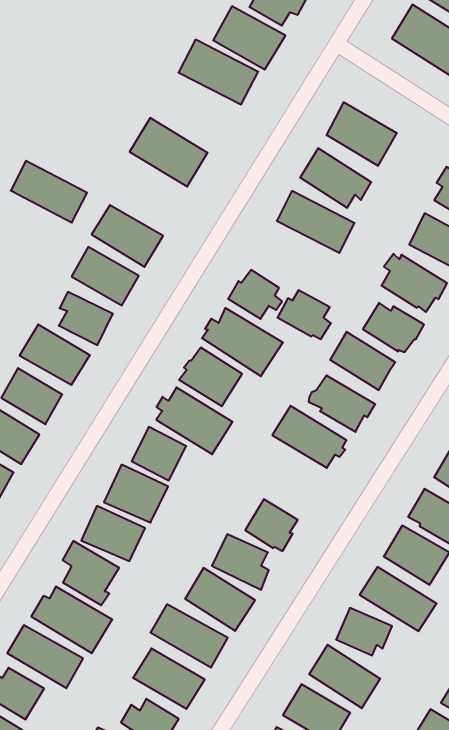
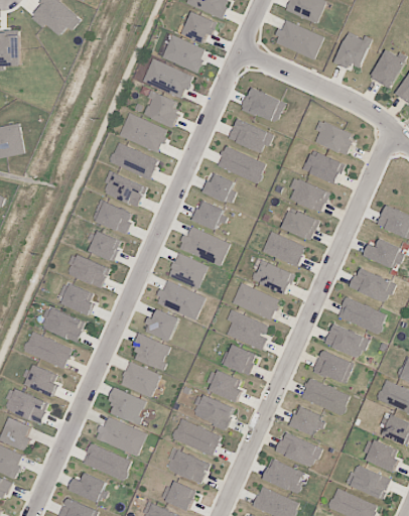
building: none -> [142,92,179,127]
building: [11,161,87,223] -> [109,143,157,178]
building: [277,290,331,339] -> [201,174,236,204]
building: none -> [225,309,267,352]

